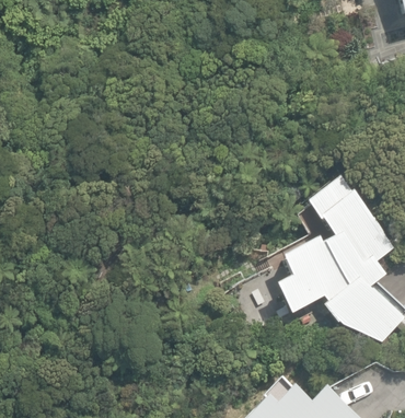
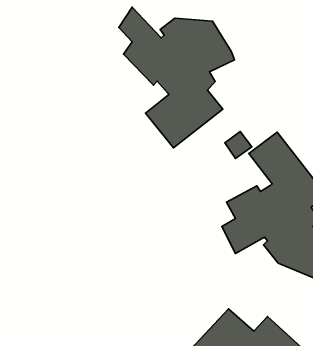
building: none -> [119,7,235,148]

